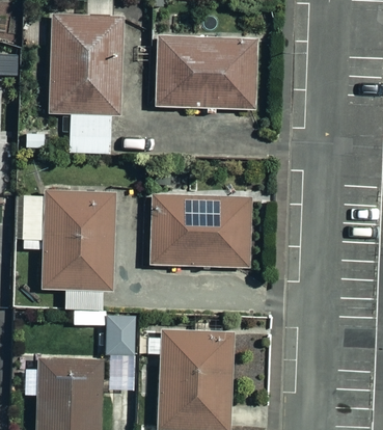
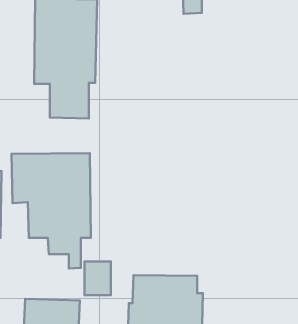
building: [157,39,255,108] -> none
building: [151,195,250,267] -> none

